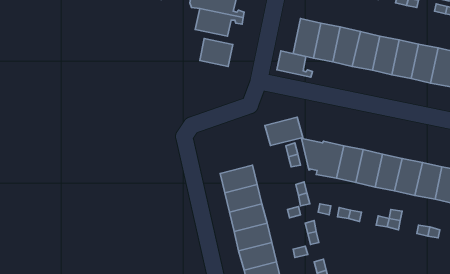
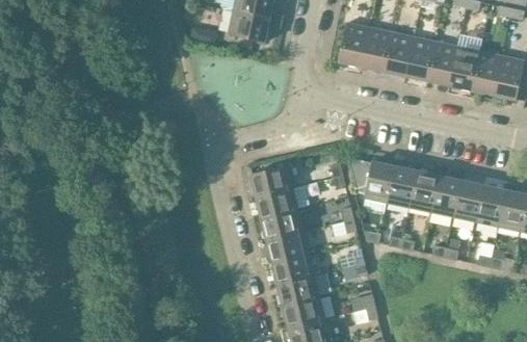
building: [200,39,233,67] -> none
building: [277,51,312,77] -> none
building: [265,117,303,146] -> [249,164,292,196]

